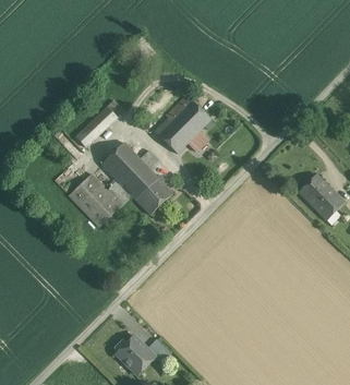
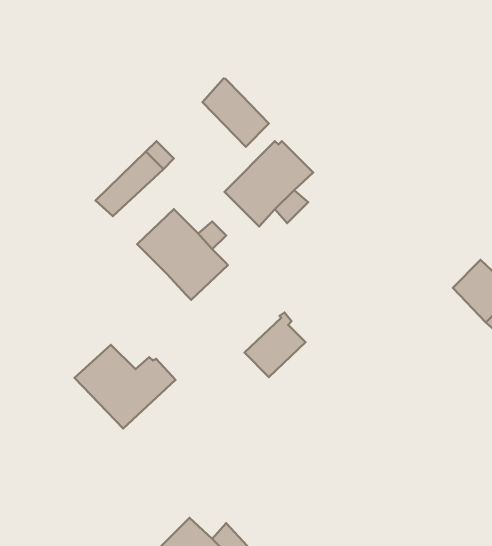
building: none -> [202,78,269,147]
building: [68,175,131,227] -> [74,345,175,429]
building: [134,175,172,215] -> [245,312,306,377]

